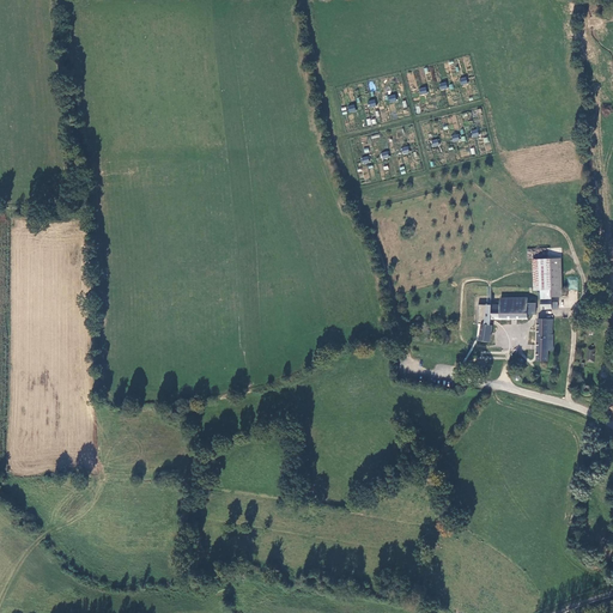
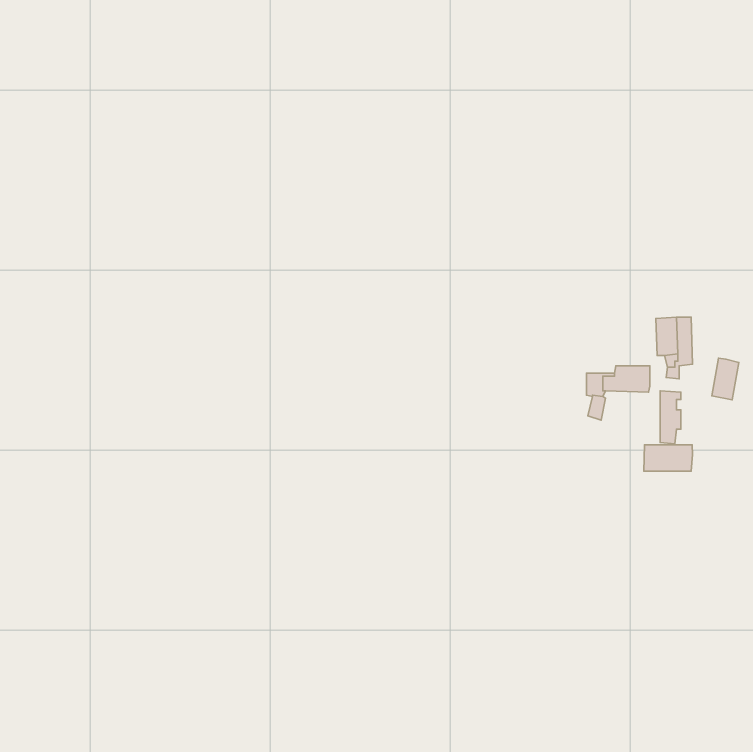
building: none -> [712,358,739,400]
building: none -> [644,445,693,471]

